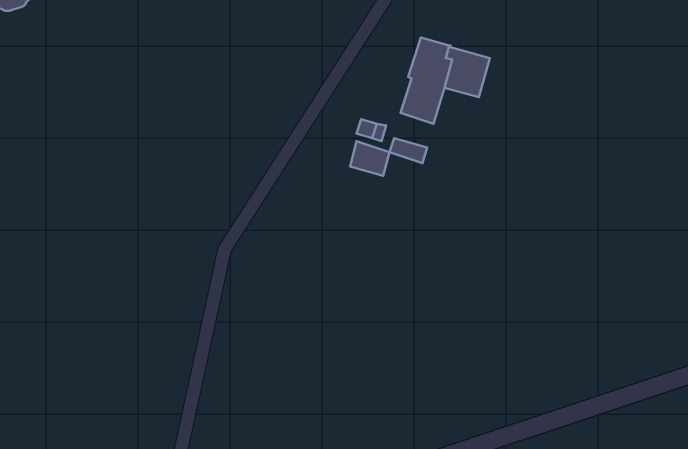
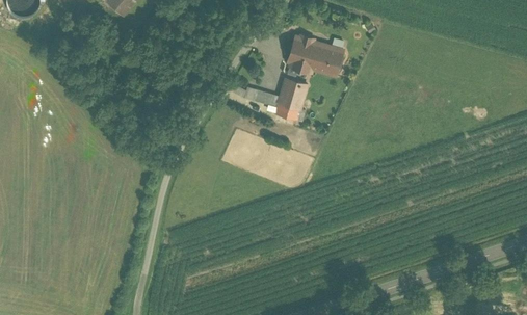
building: [350,141,389,176] -> [279,86,305,109]

